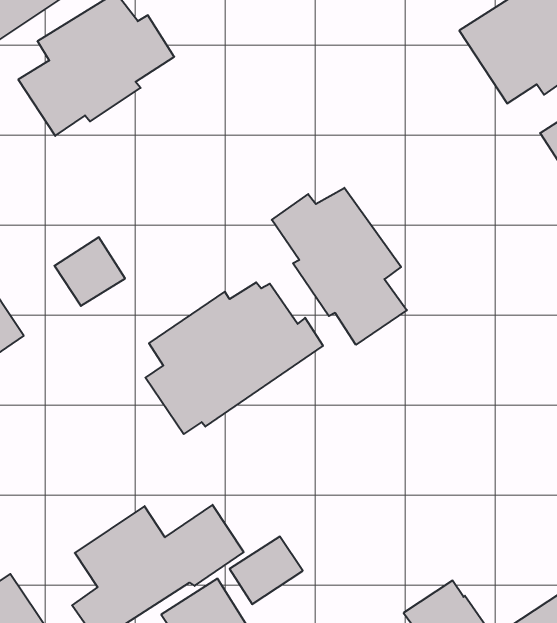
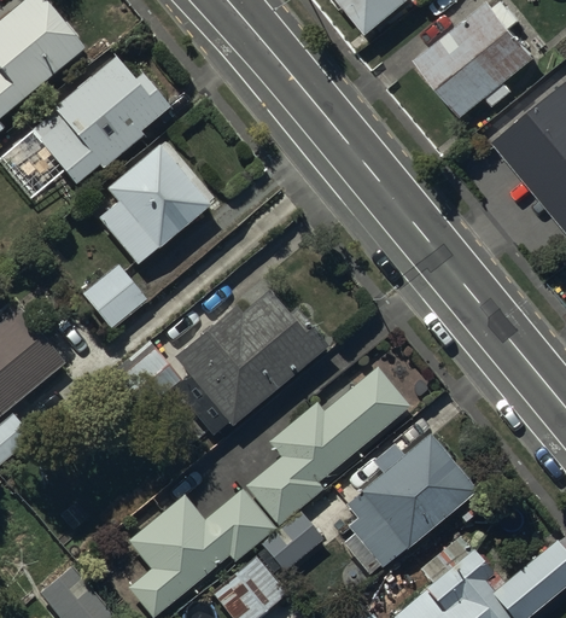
building: none -> [97,145,210,263]
building: [272,188,407,345] -> none
building: none -> [251,373,402,519]
building: none -> [345,430,479,572]

